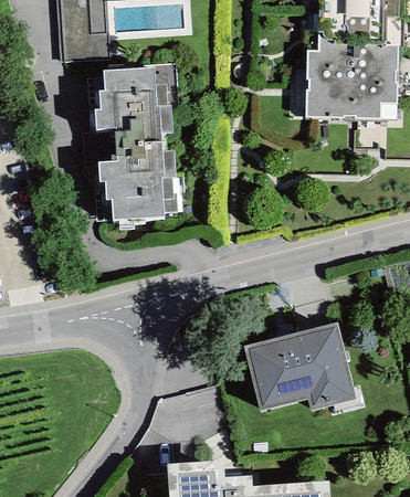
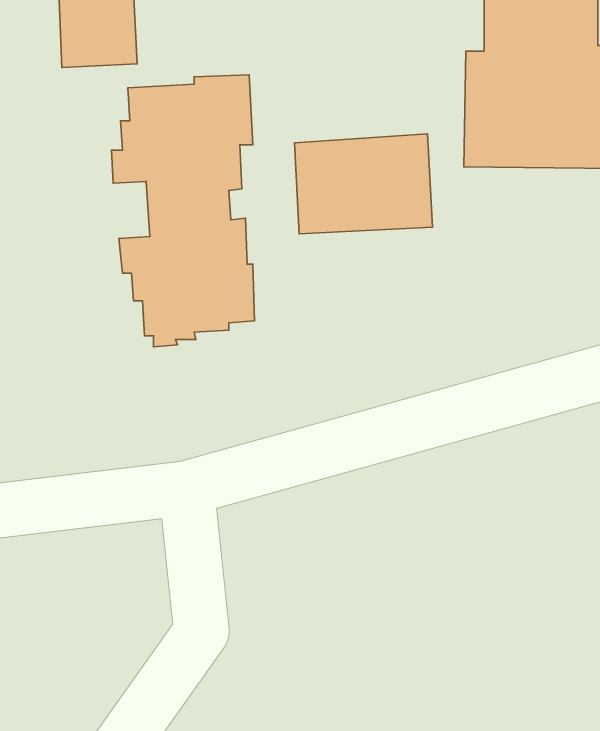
building: none -> [294,134,432,234]
building: [242,322,355,411] -> none

